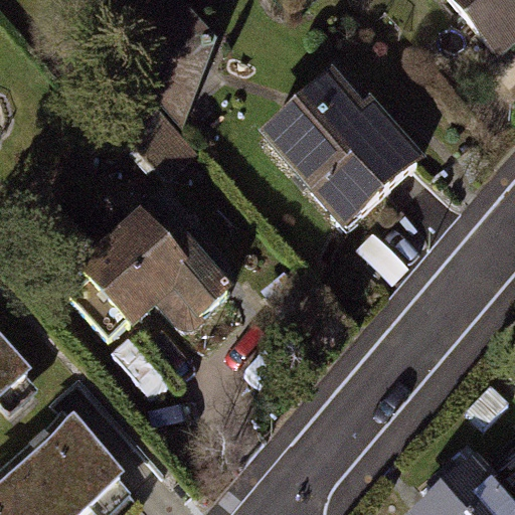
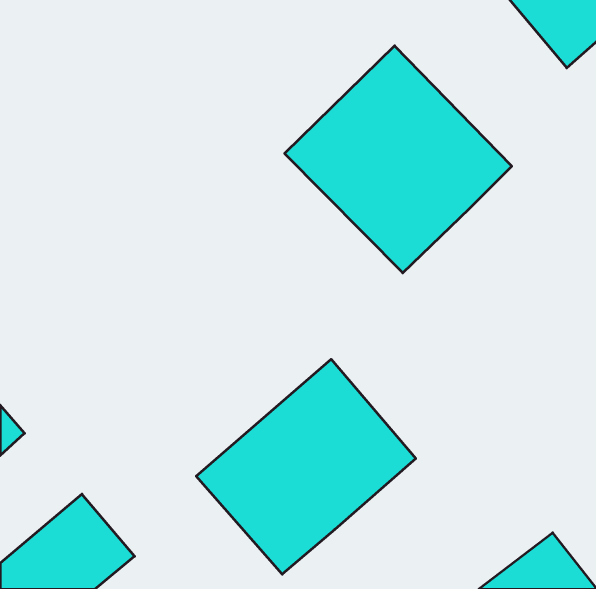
building: [68,197,238,341] -> none
building: none -> [196,359,416,574]

